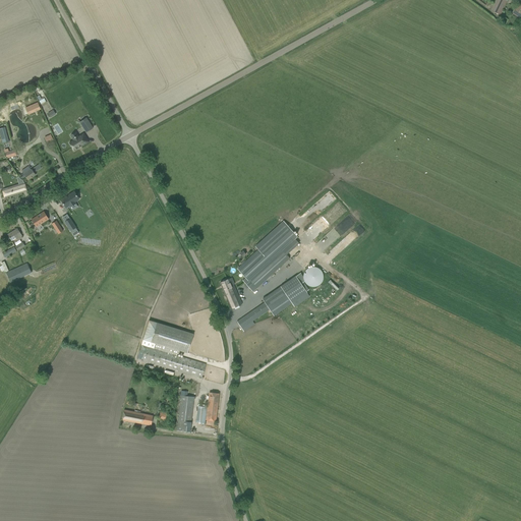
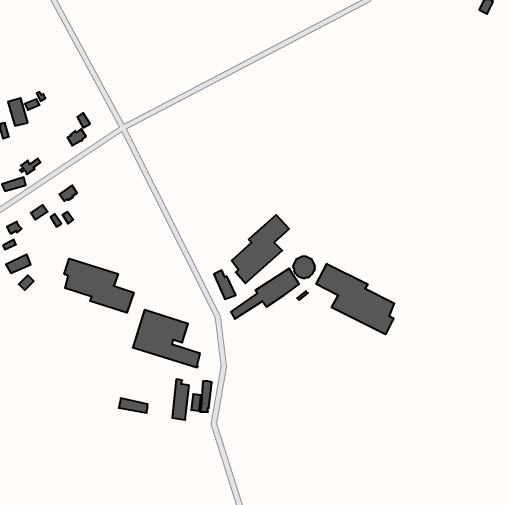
building: none -> [64,259,134,313]
building: none -> [316,264,394,334]

